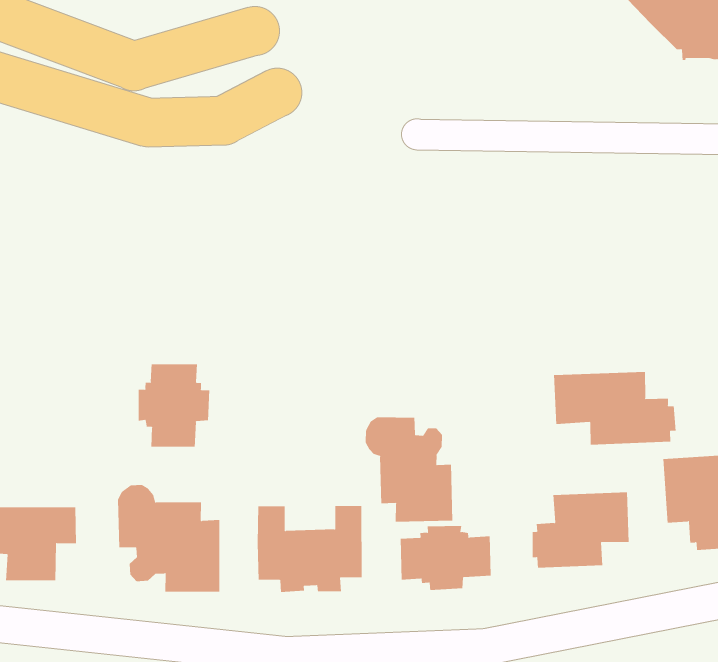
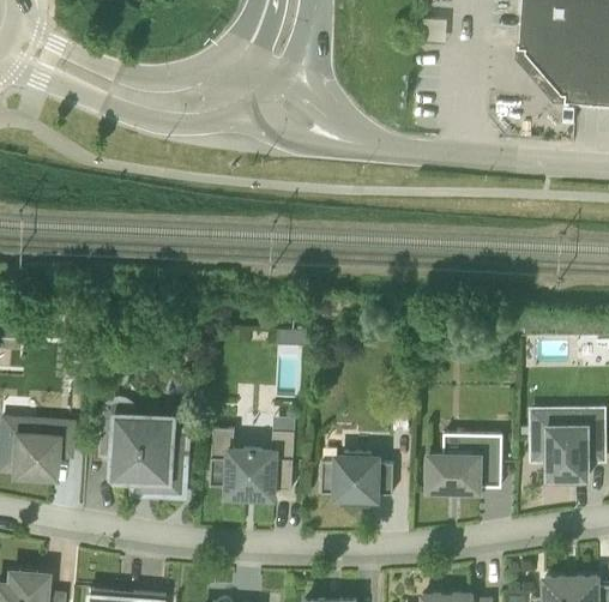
building: [138,364,210,448] -> none
building: [553,371,676,445] -> none
building: [365,417,453,523] -> none

